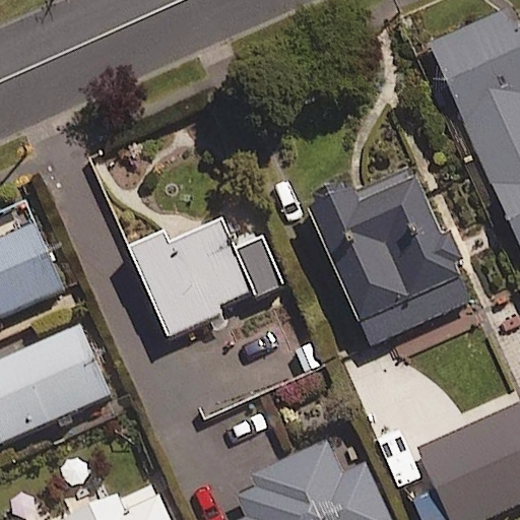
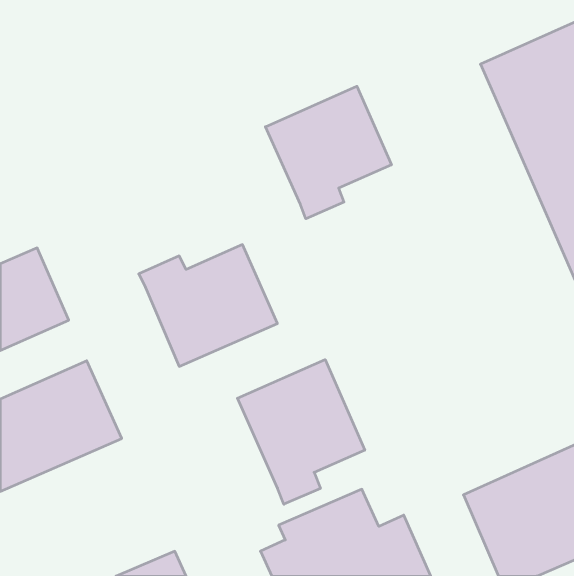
building: none -> [265,86,391,219]
building: [308,177,460,323] -> none
building: none -> [237,360,365,504]

